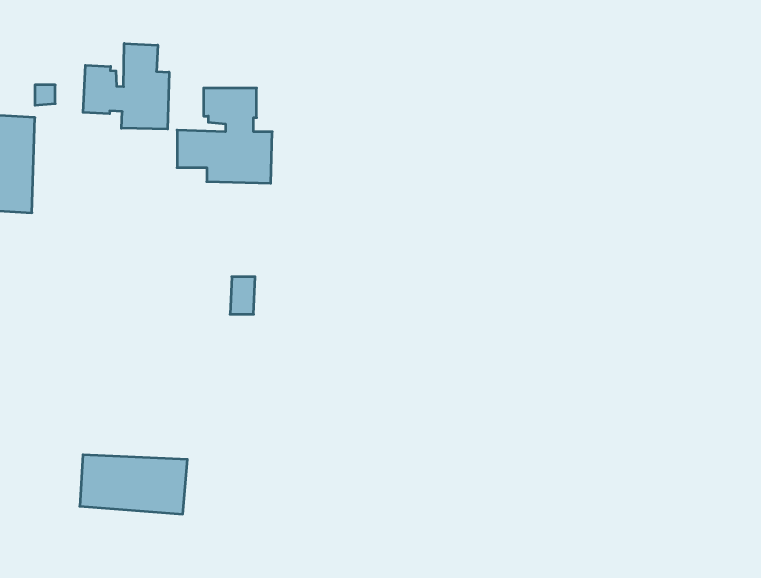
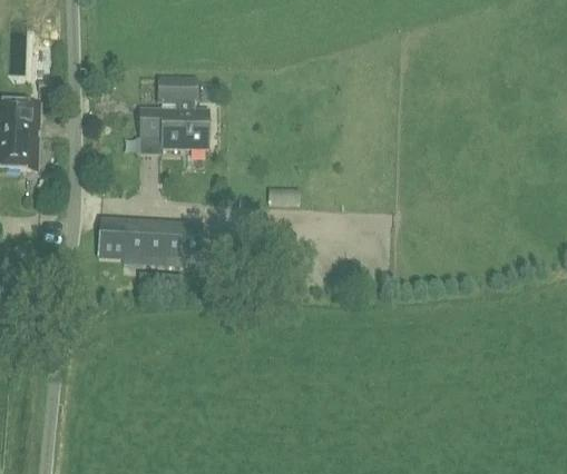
building: [83,43,169,129] -> none
building: [80,455,187,514] -> [96,219,173,261]

